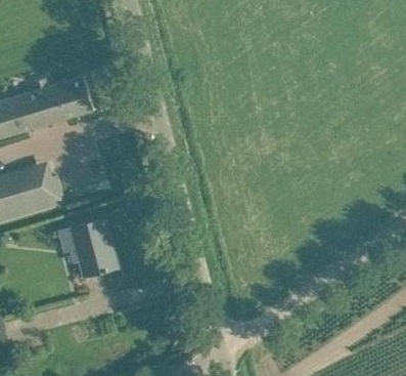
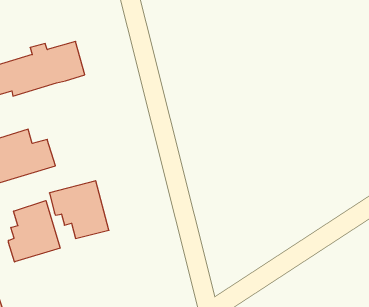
building: none -> [8,201,60,262]

